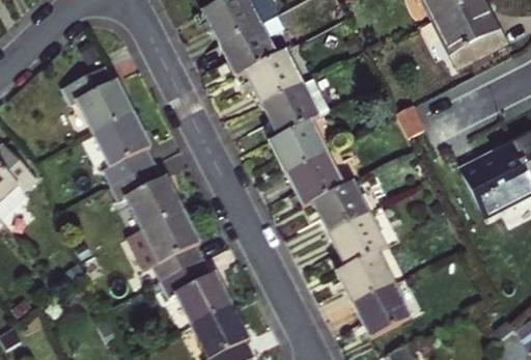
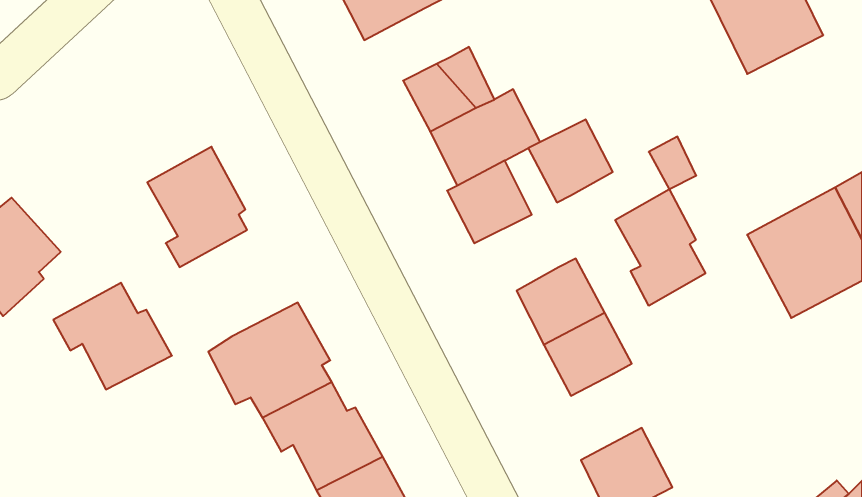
building: [223,28,276,77] -> none
building: [59,72,130,135] -> none
building: none -> [615,189,705,306]
building: [290,155,342,205] -> [528,119,613,202]
building: [110,164,183,229] -> [53,283,172,389]
building: [338,252,393,305] -> none

